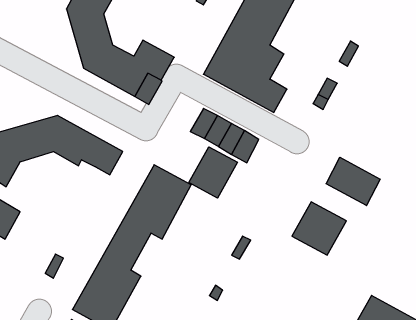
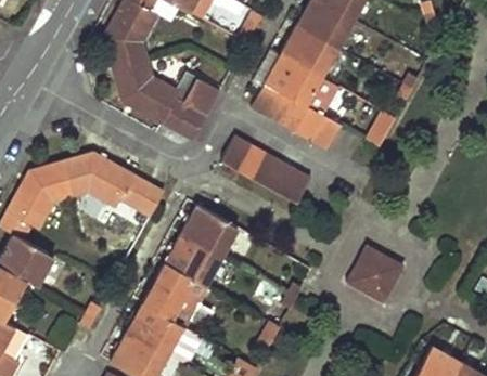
building: [189,147,237,198] -> none
building: [326,157,380,206] -> none

